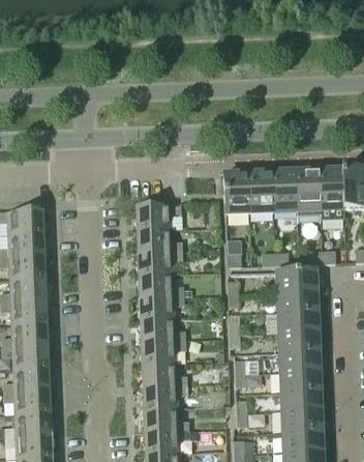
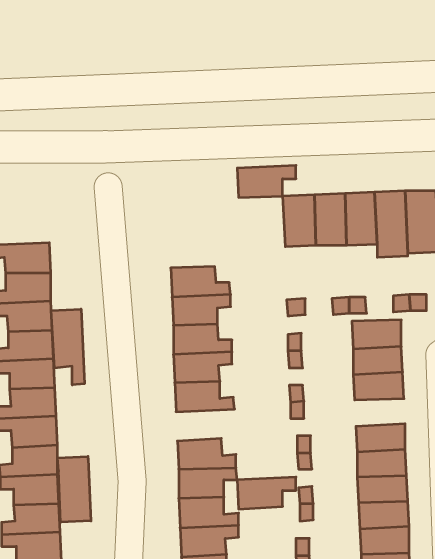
building: [135,204,181,229] -> [237,165,296,197]
building: none -> [51,309,84,385]
building: [279,330,318,352] -> none
building: [141,339,186,364] -> [237,477,296,509]
building: none -> [57,456,91,522]

